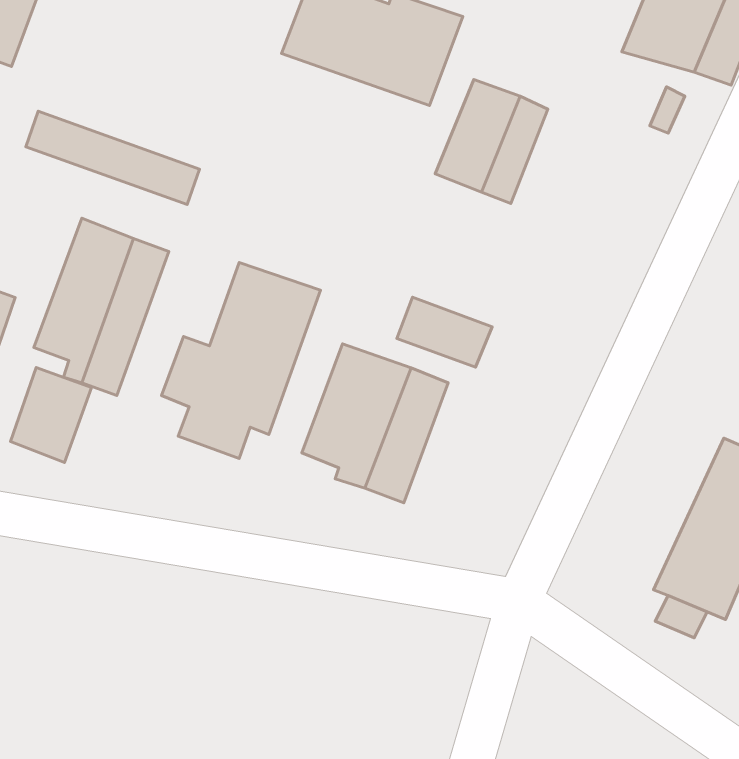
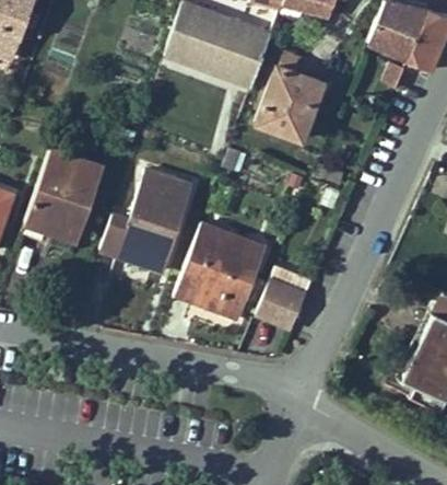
building: [26,111,200,205] -> none
building: [397,297,492,367] -> none
building: [10,367,92,462] -> none
building: none -> [258,281,310,335]

